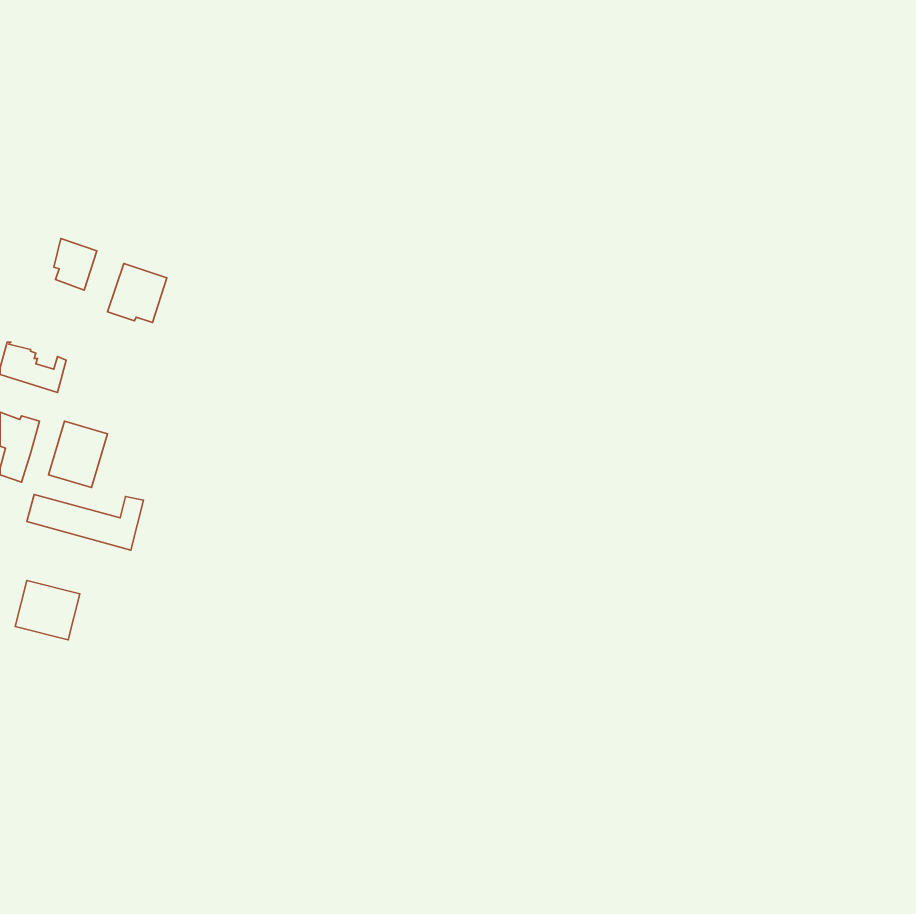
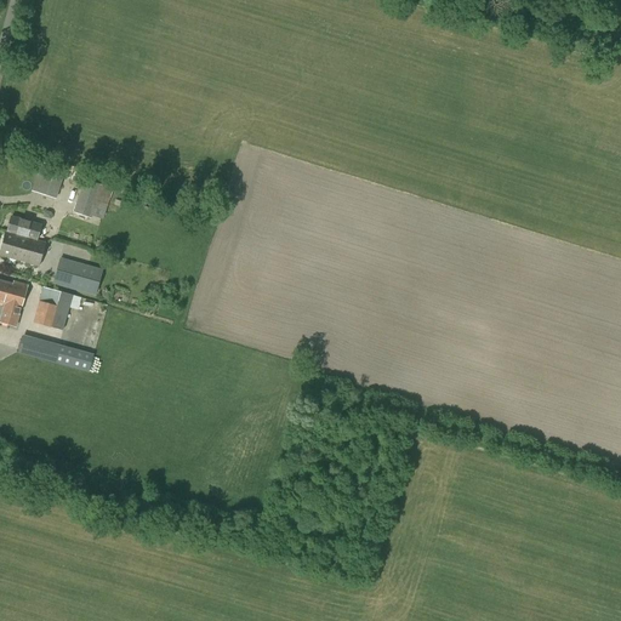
building: none -> [5,215,46,250]
building: none -> [52,256,102,295]
building: [15,581,80,640] -> none

